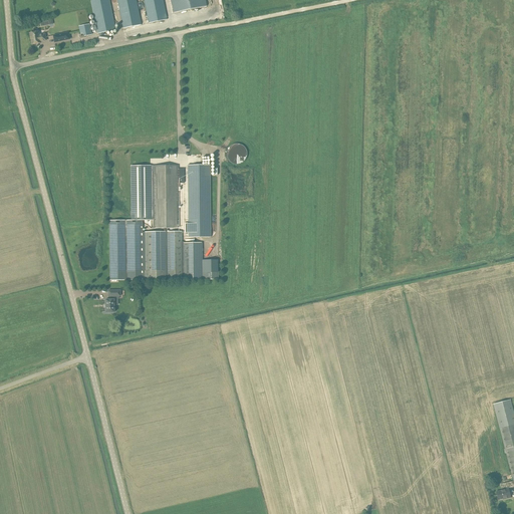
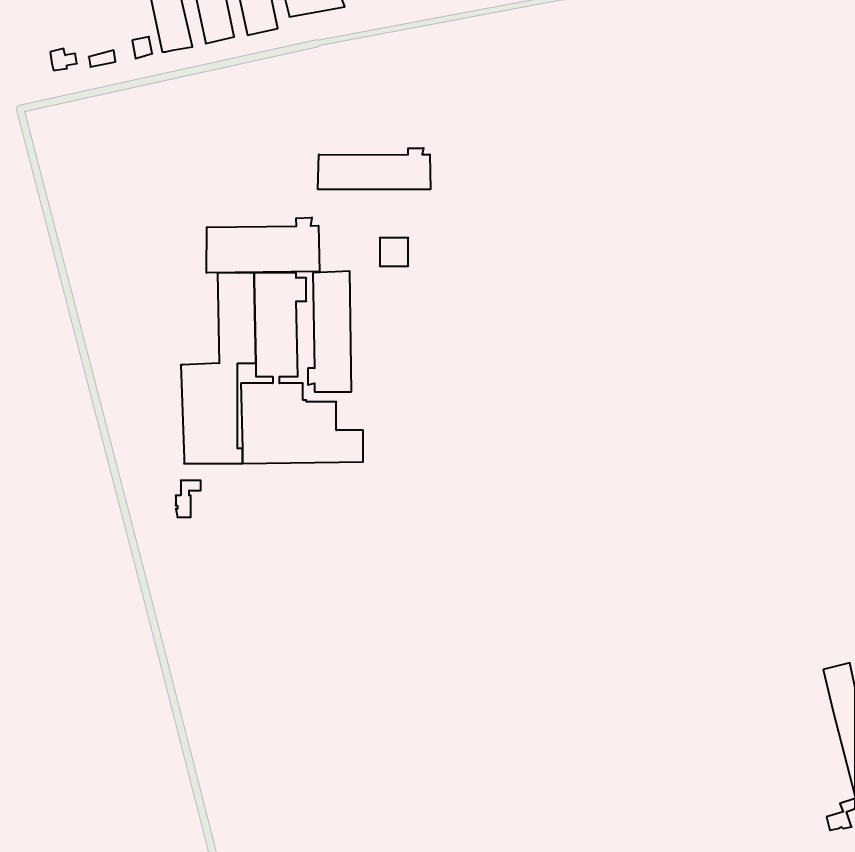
building: none -> [318,148,430,189]
building: none -> [207,217,320,273]

